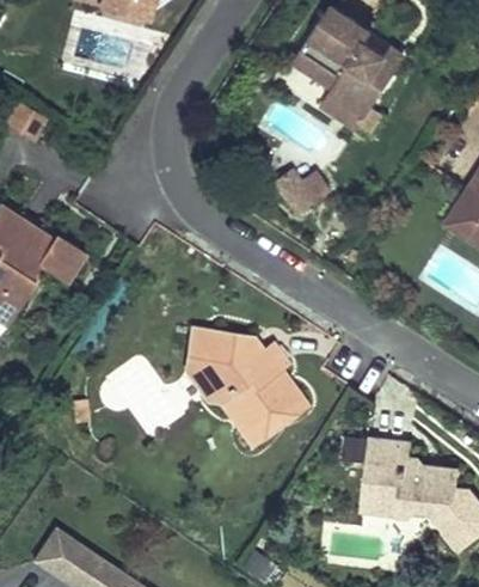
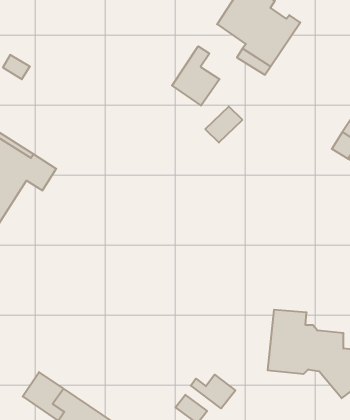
building: none -> [172,46,220,106]
building: [184,328,311,451] -> none
building: none -> [191,375,235,408]

